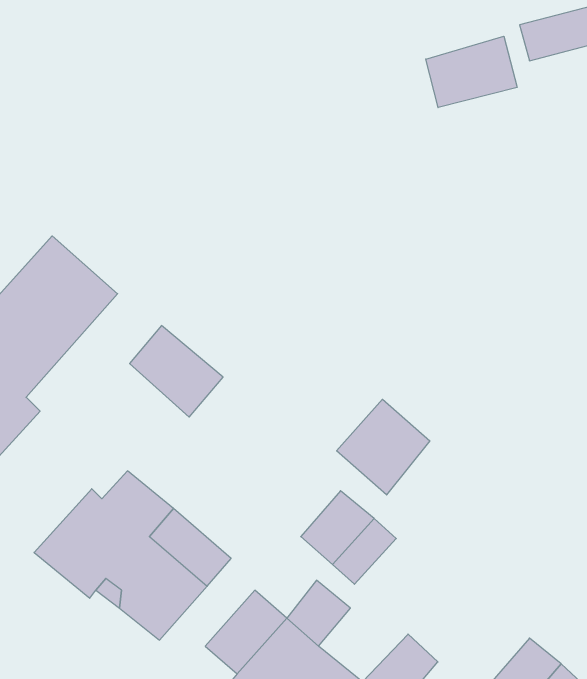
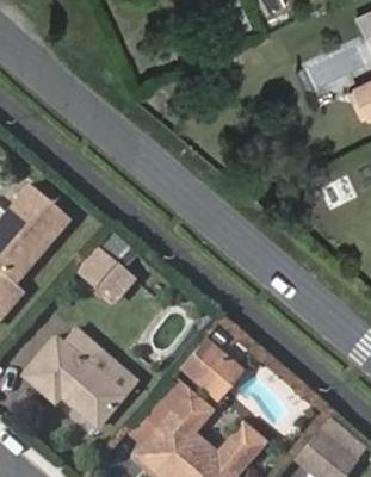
building: [426,36,517,108] -> none
building: [337,399,430,495] -> none

